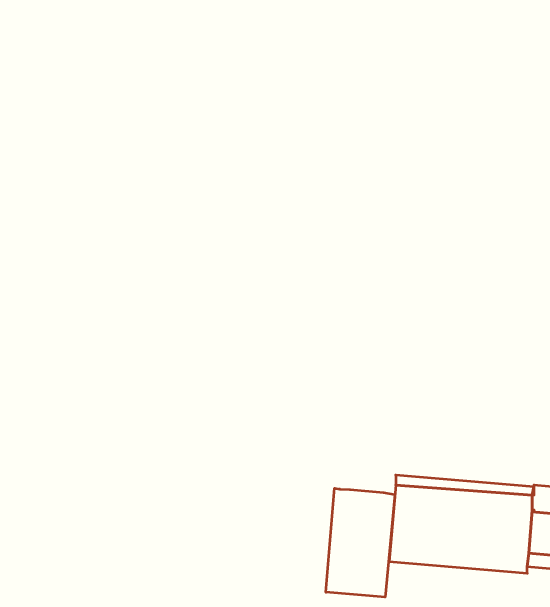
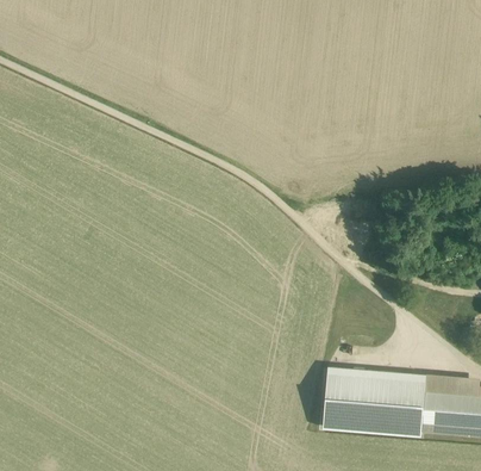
building: [326,488,395,597] -> none

